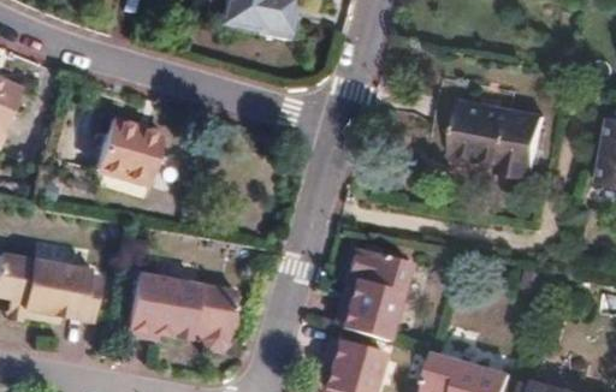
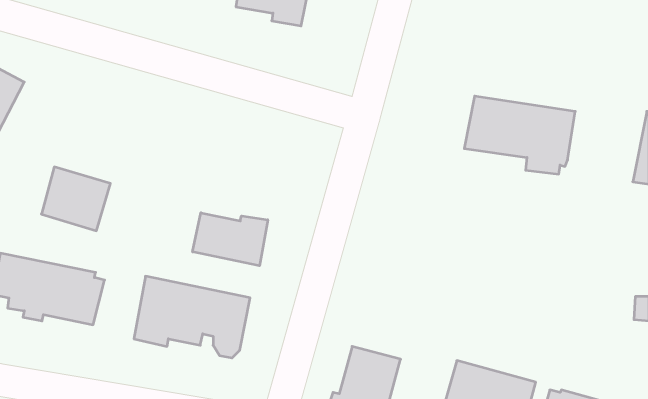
building: [100,123,165,183] -> [41,167,110,231]
building: none -> [193,213,268,266]
building: [339,250,405,340] -> none

